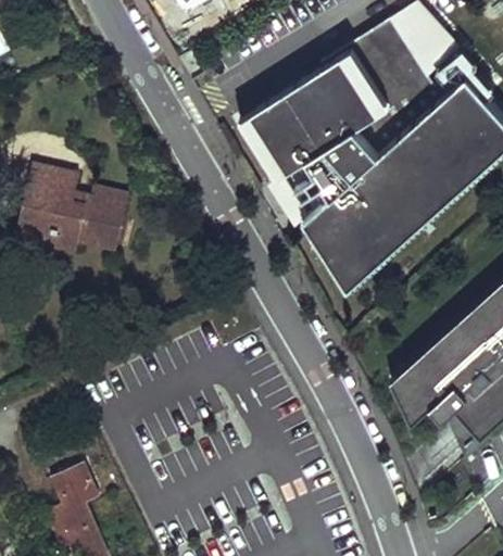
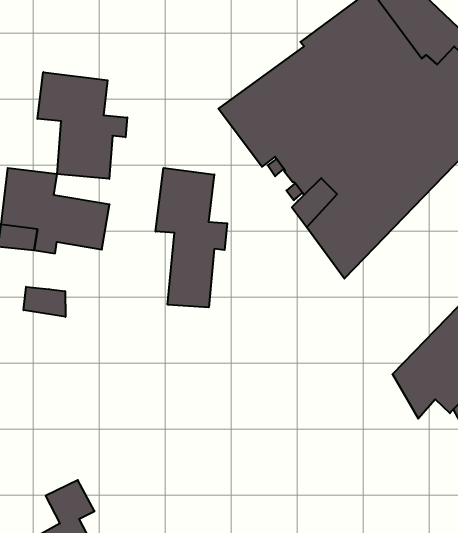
building: none -> [37,72,127,179]
building: none -> [156,168,227,307]
building: none -> [24,287,65,317]

